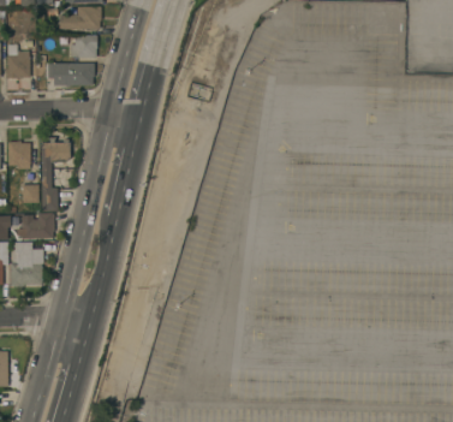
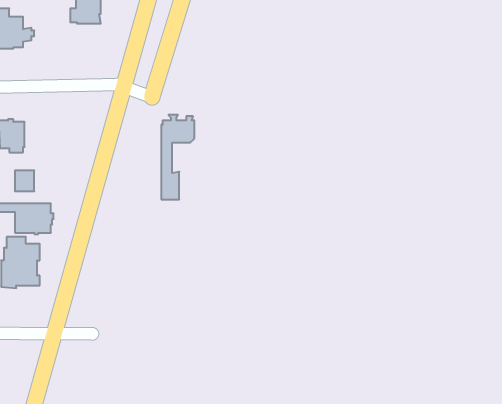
building: [46,64,94,88] -> none
building: [41,138,70,212] -> [161,115,194,199]

